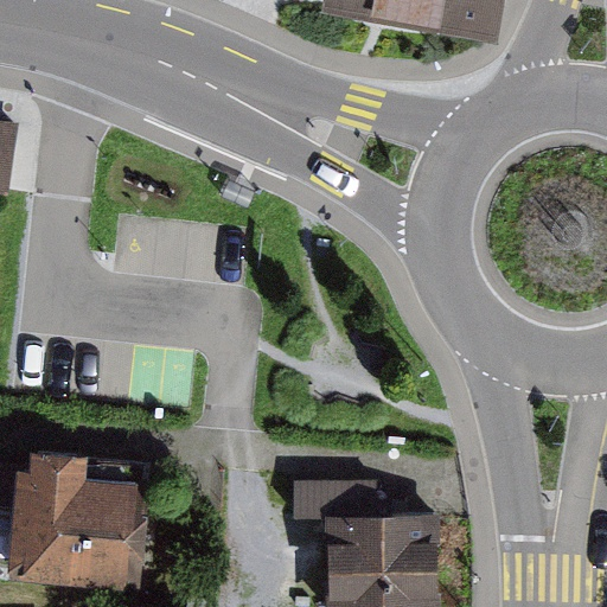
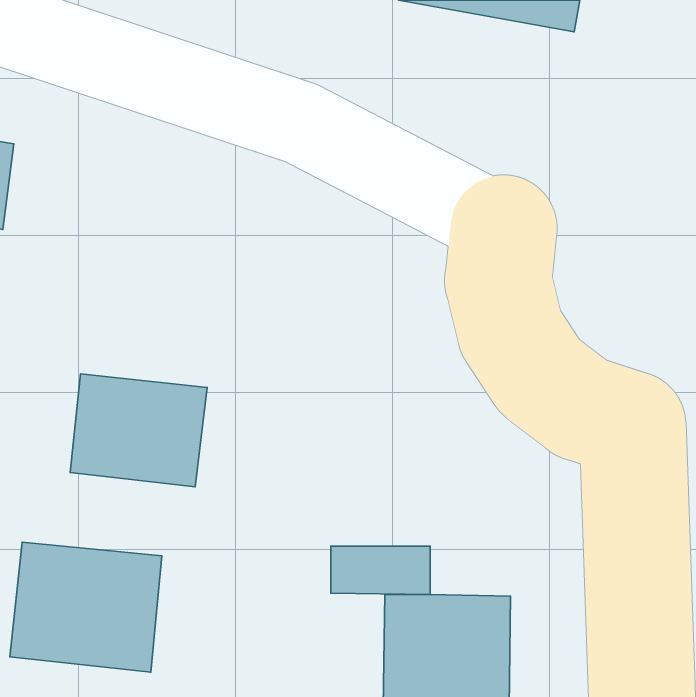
building: none -> [70,374,207,487]

